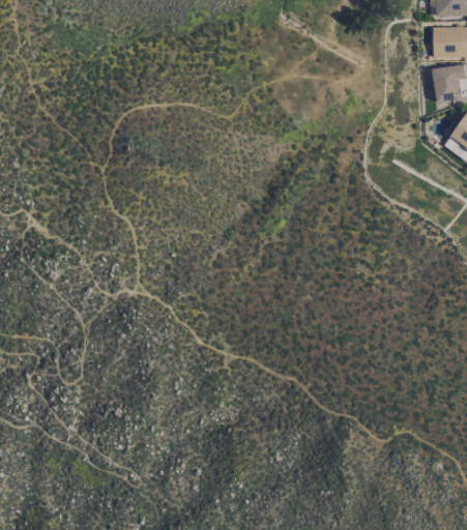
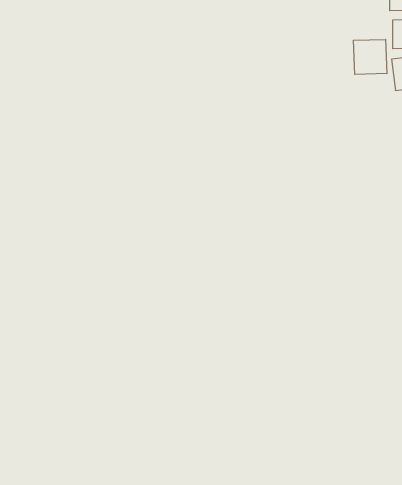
building: none -> [353,39,387,74]

